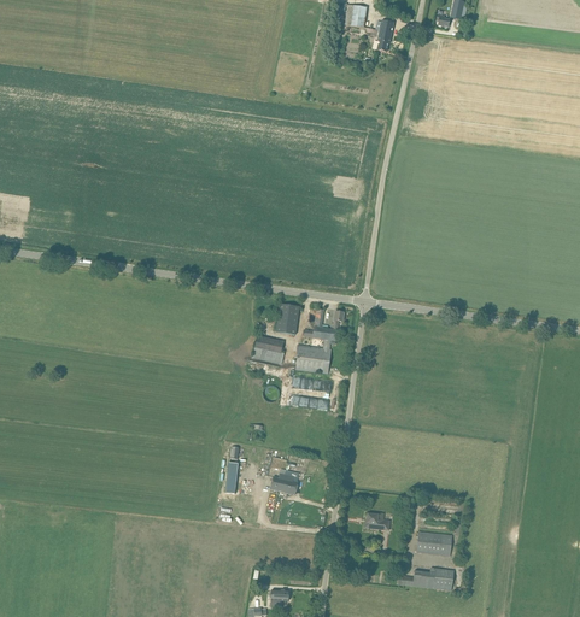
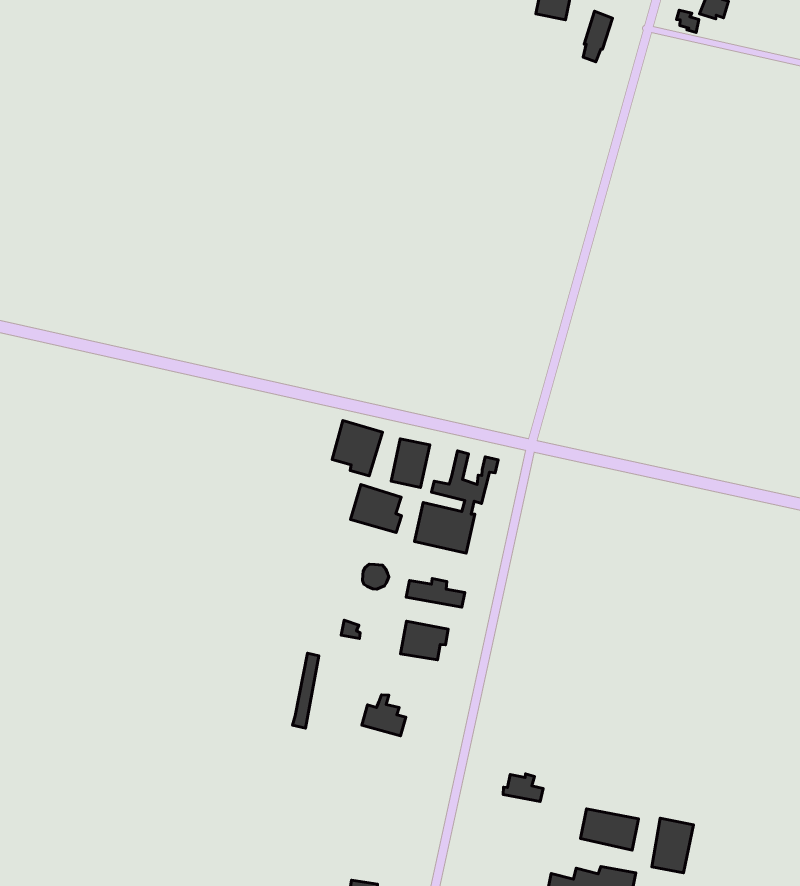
building: none -> [332,421,383,476]
building: none -> [400,621,448,660]
building: none -> [652,818,694,873]

